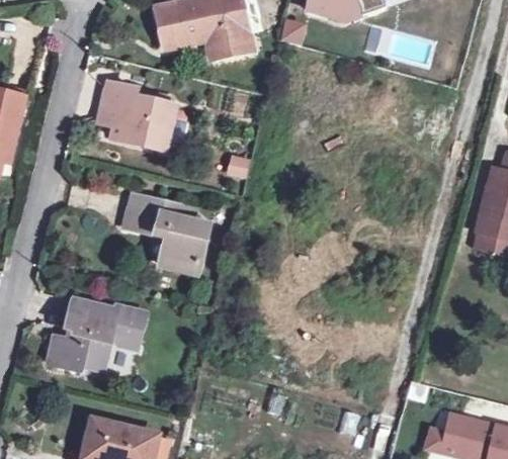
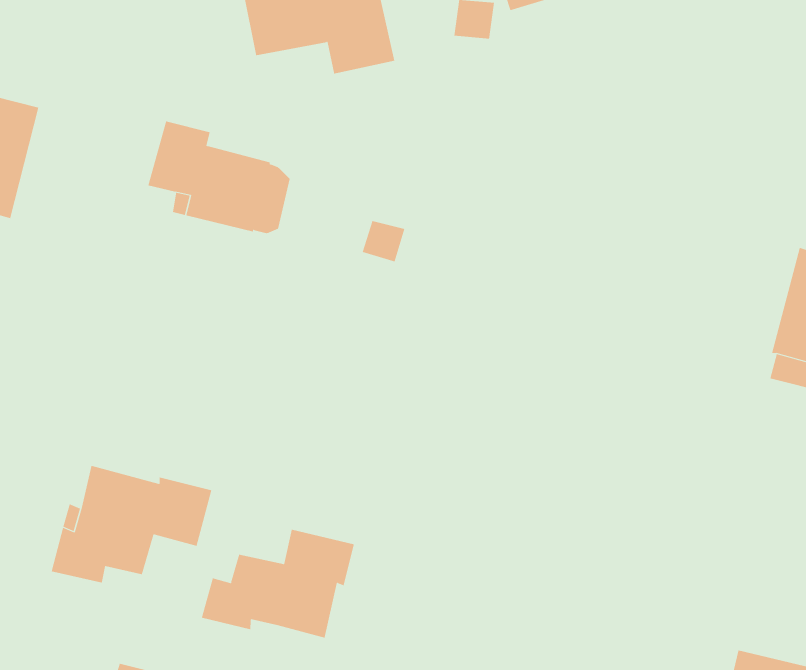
building: [121,198,206,274] -> none
building: none -> [201,529,355,638]

